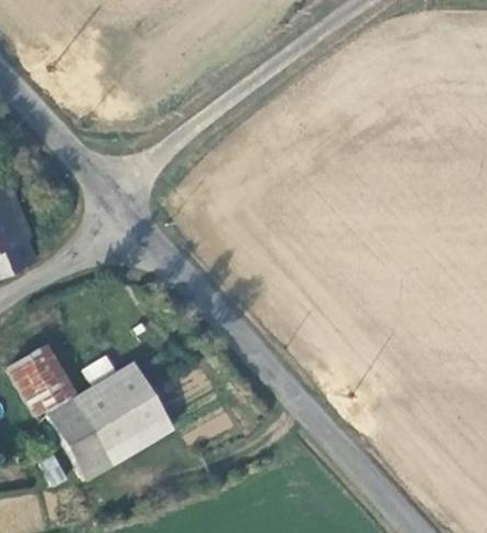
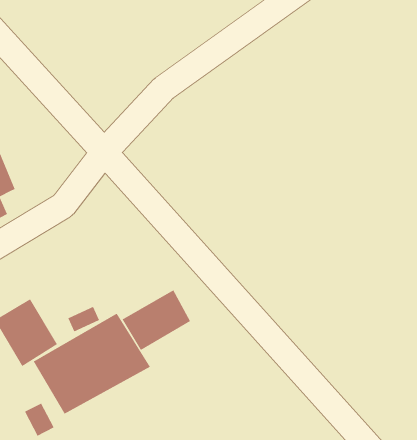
building: none -> [122,289,191,351]

